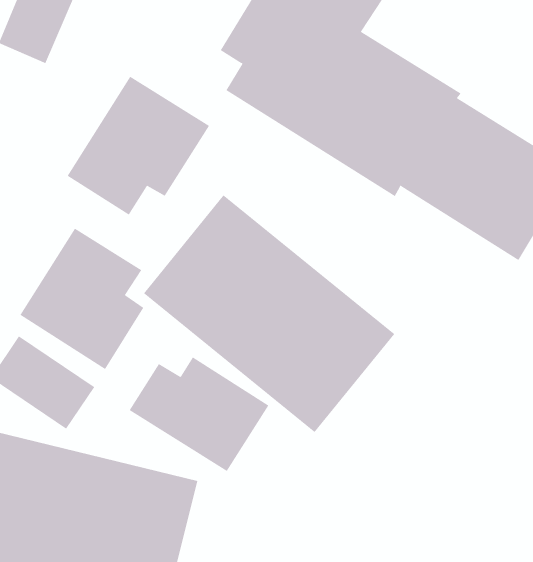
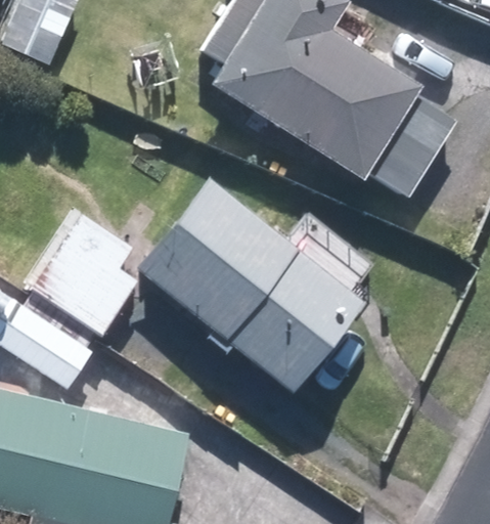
building: [67,76,210,216] -> none
building: [129,357,269,472] -> none

